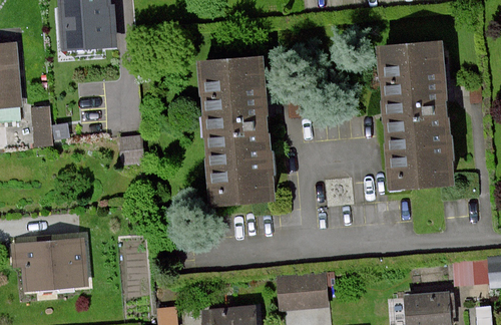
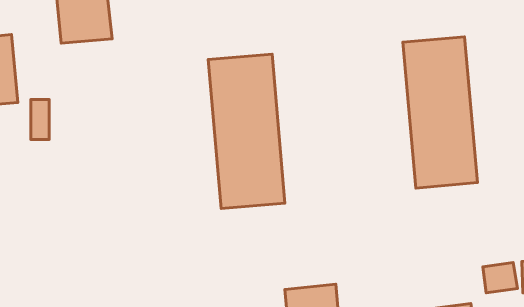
building: [17,235,89,291] -> none

